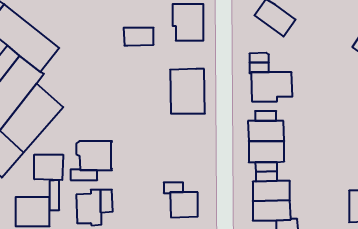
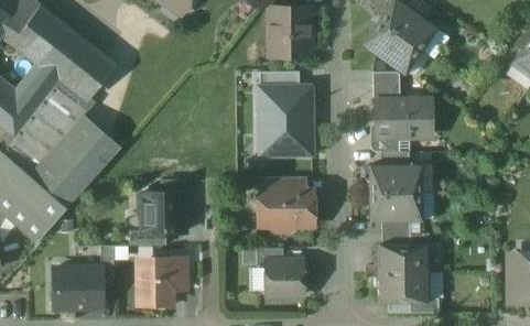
building: none -> [364,22,419,73]
building: [124,28,154,46] -> [259,72,300,96]
building: none -> [258,178,312,231]
building: [34,155,63,180] -> none

